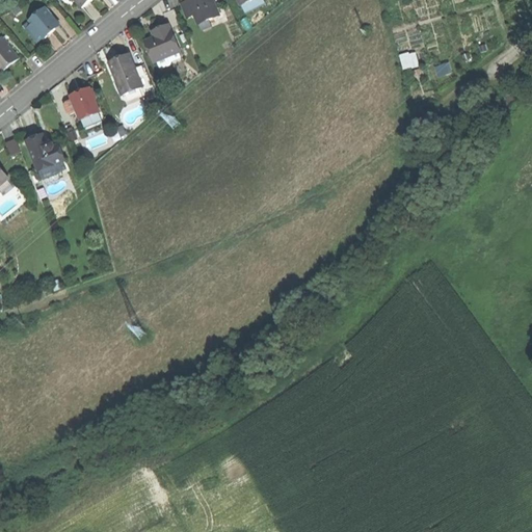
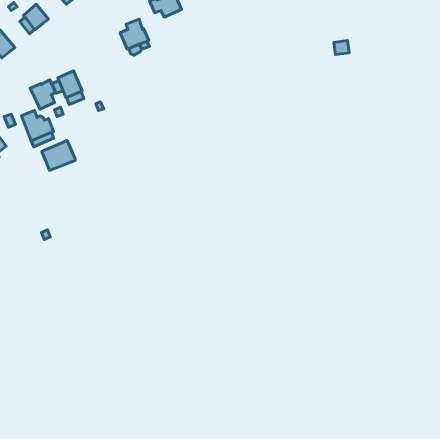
building: [108,52,141,92] -> none
building: none -> [30,80,56,109]
building: none -> [42,140,75,171]

